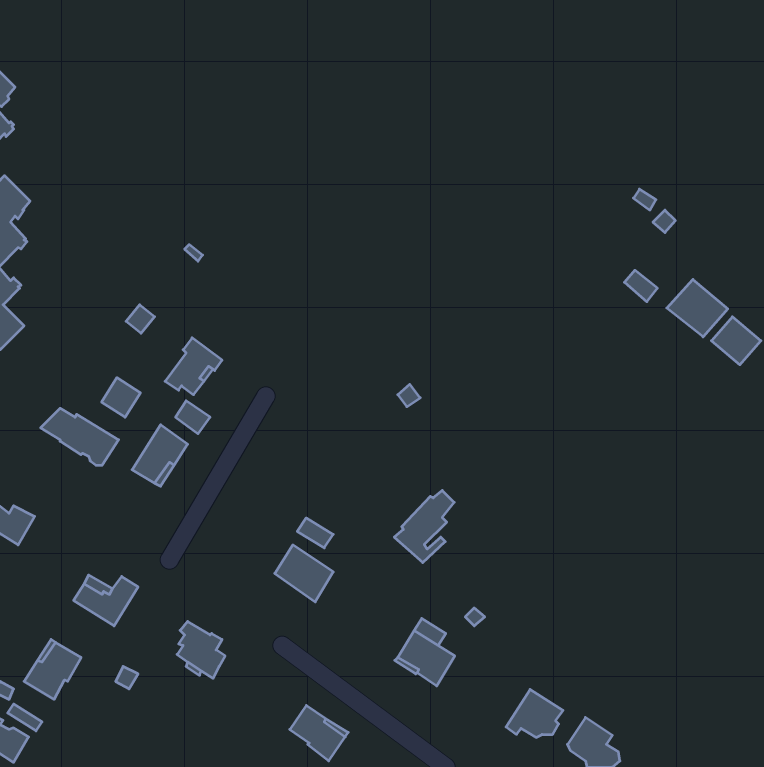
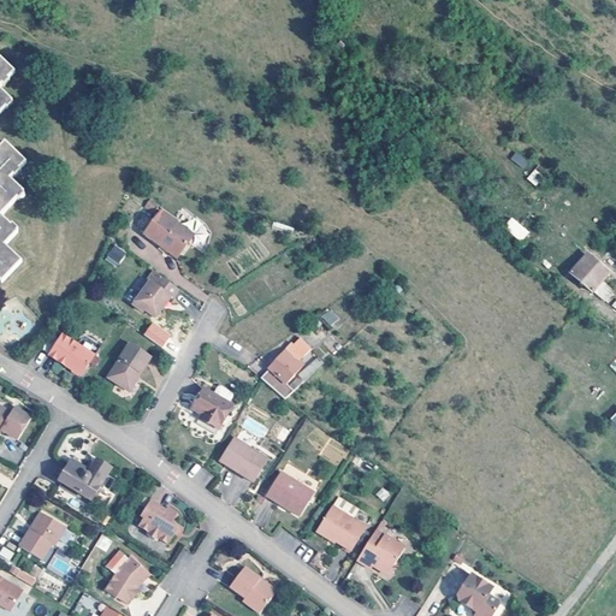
building: none -> [144,209,194,256]
building: [667,279,728,337] -> none
building: [102,378,140,417] -> none
building: none -> [192,386,233,428]
building: [394,490,454,563] -> [262,339,310,397]
building: none -> [266,470,313,515]
building: [506,689,563,737] -> [355,529,401,568]
building: none -> [107,557,150,603]

